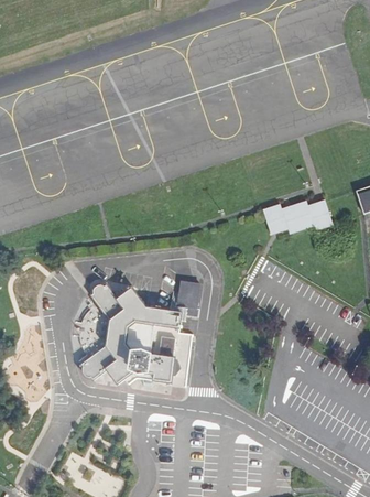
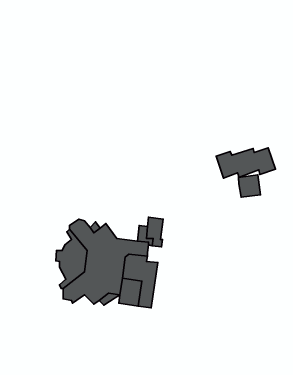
building: none -> [238,175,260,197]

